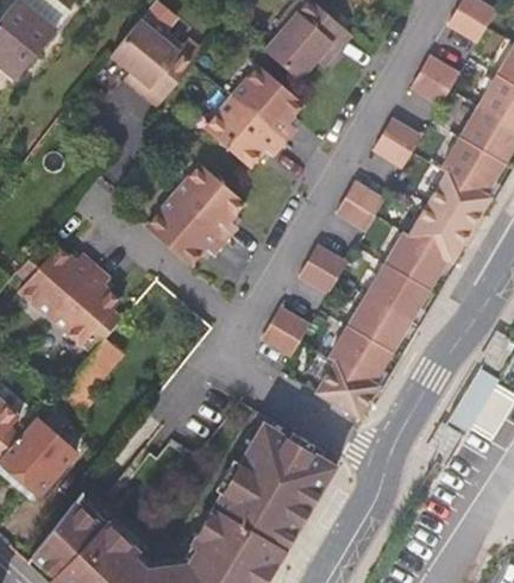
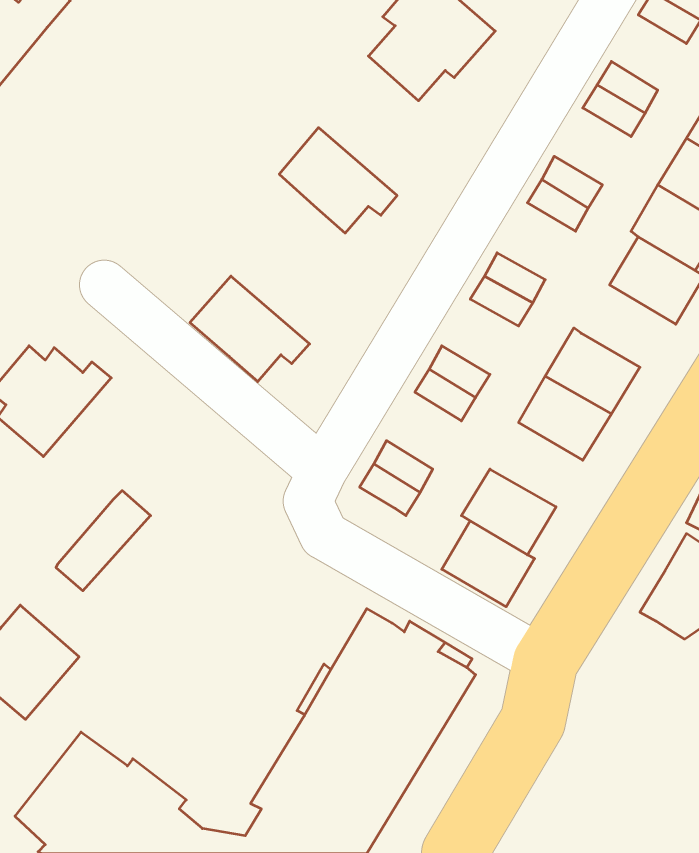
building: [111,20,199,104] -> none
building: [233,67,306,144] -> none
building: [175,165,247,243] -> none
building: [408,203,471,261] -> none
building: [50,265,124,346] -> none
building: [347,295,409,351] -> none

